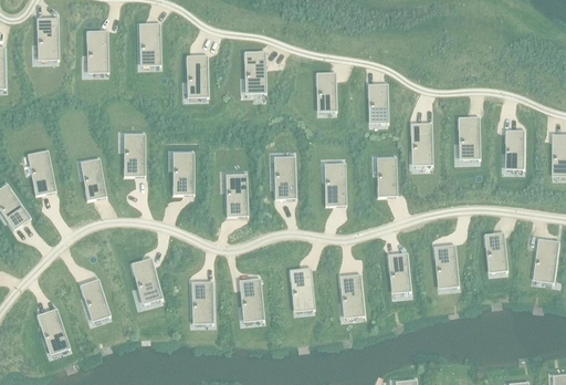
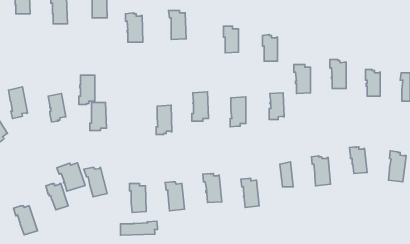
building: [171,157,193,195] -> [90,102,106,131]
building: none -> [57,163,85,191]
building: none -> [120,221,158,235]

